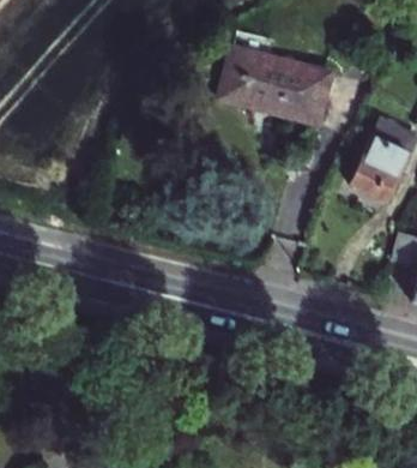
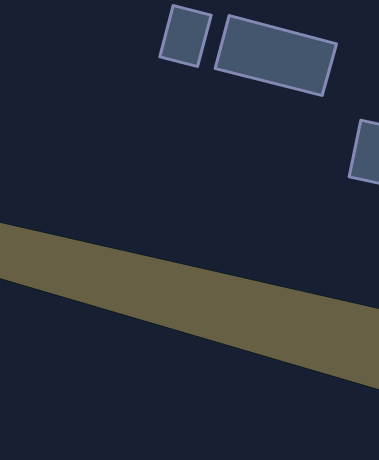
building: none -> [160,5,211,66]

